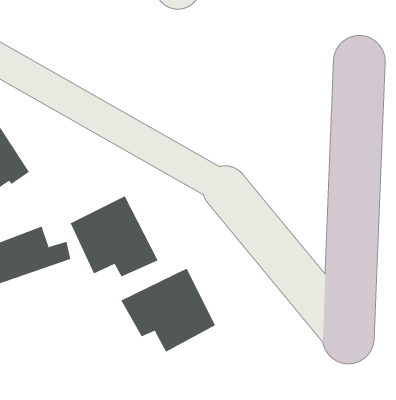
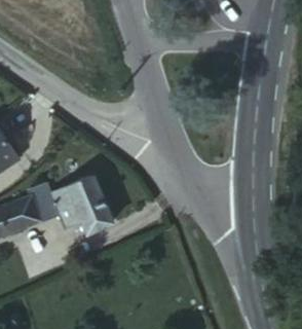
building: [121,268,216,353] -> none

